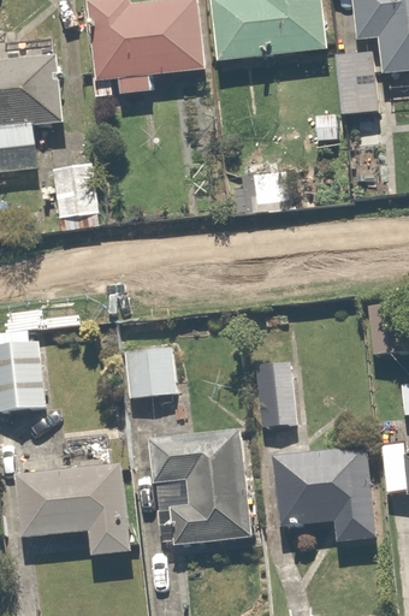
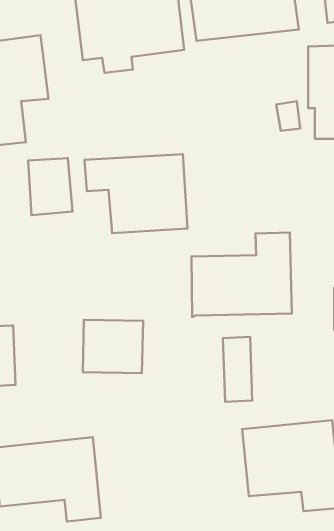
building: none -> [84,154,188,233]
building: none -> [191,232,292,317]
building: [147,430,251,550] -> none

